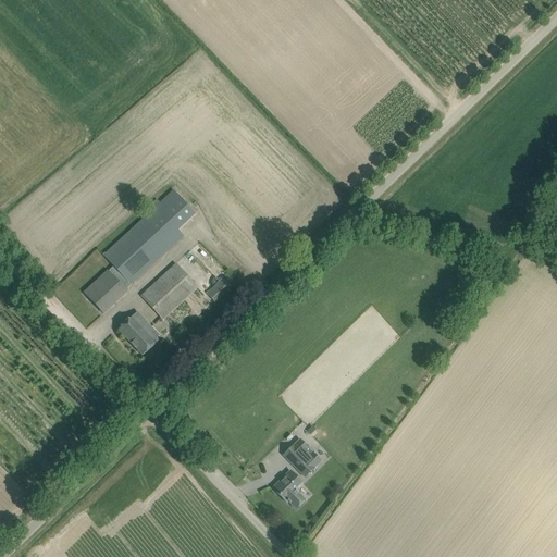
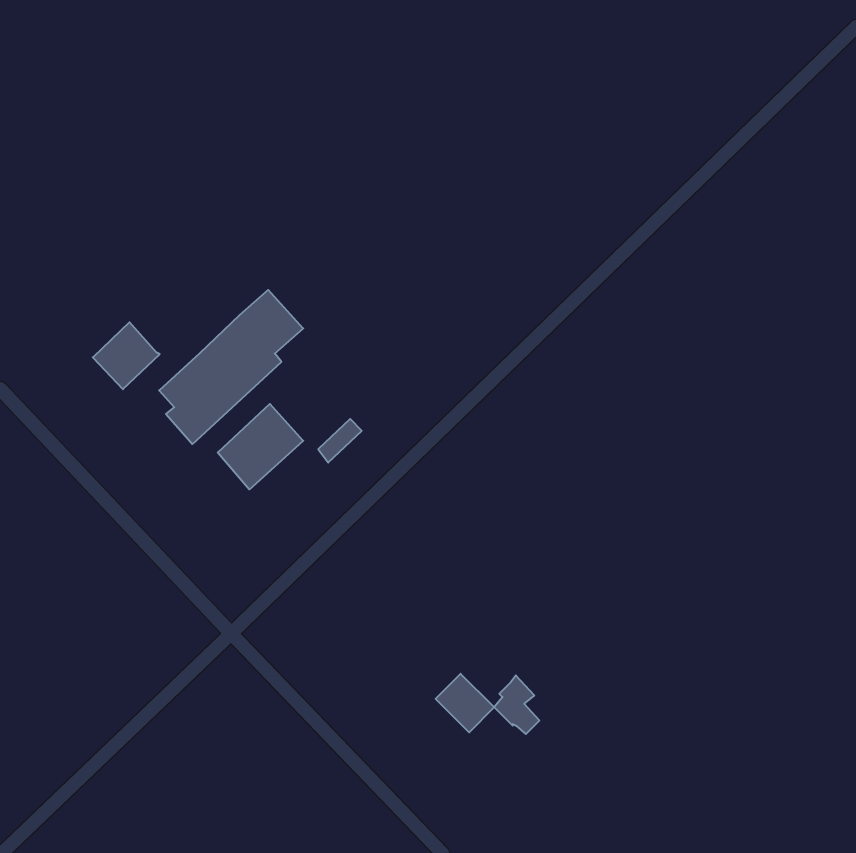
building: [84,269,127,312] -> [93,322,160,389]
building: [117,310,161,354] -> none
building: [275,469,305,507] -> [494,675,539,734]

